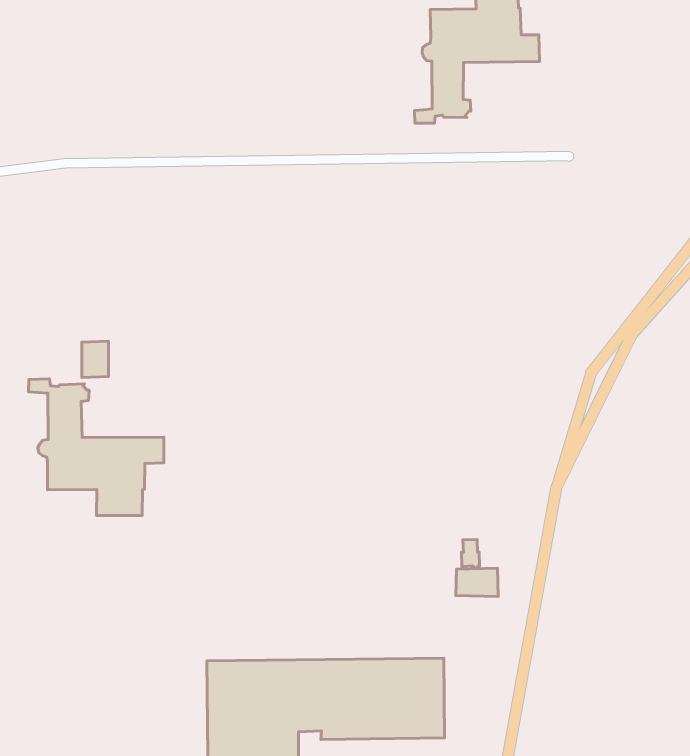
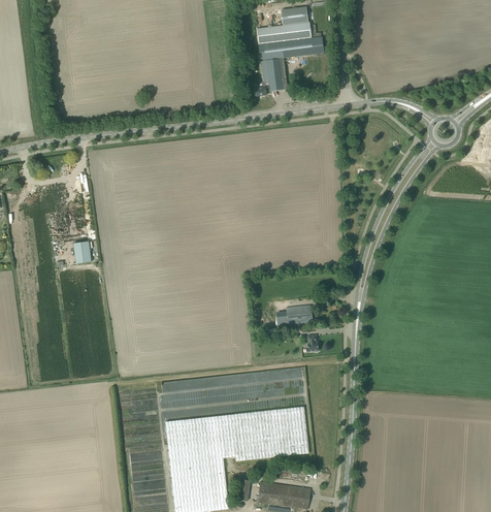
building: [28,379,164,515] -> none
building: [456,568,498,596] -> [287,305,313,323]

